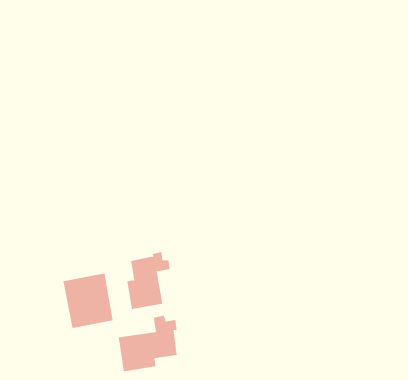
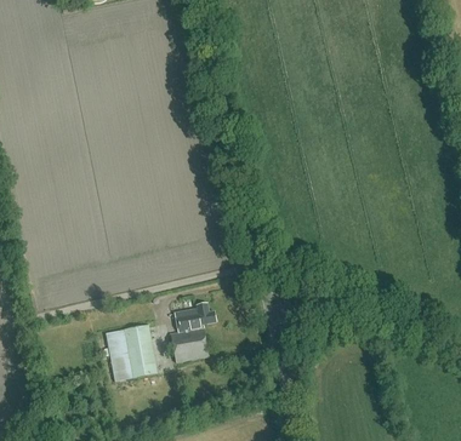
building: [118,315,177,372] -> none

